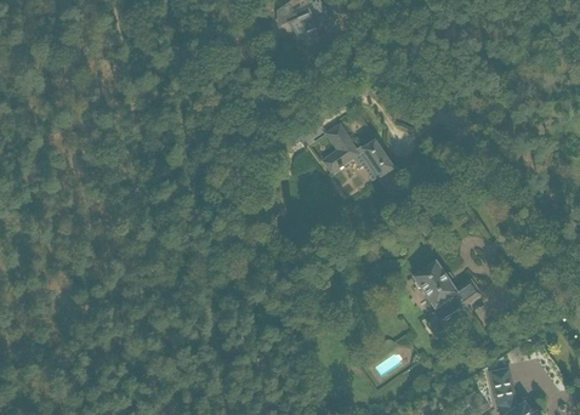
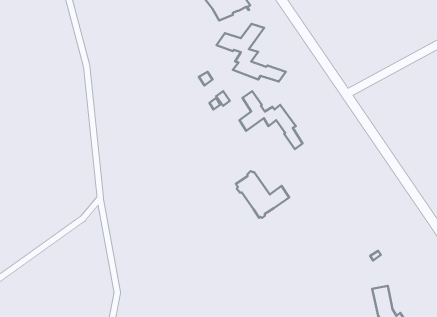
building: none -> [217,24,286,81]
building: [413,261,479,319] -> [236,171,289,218]

